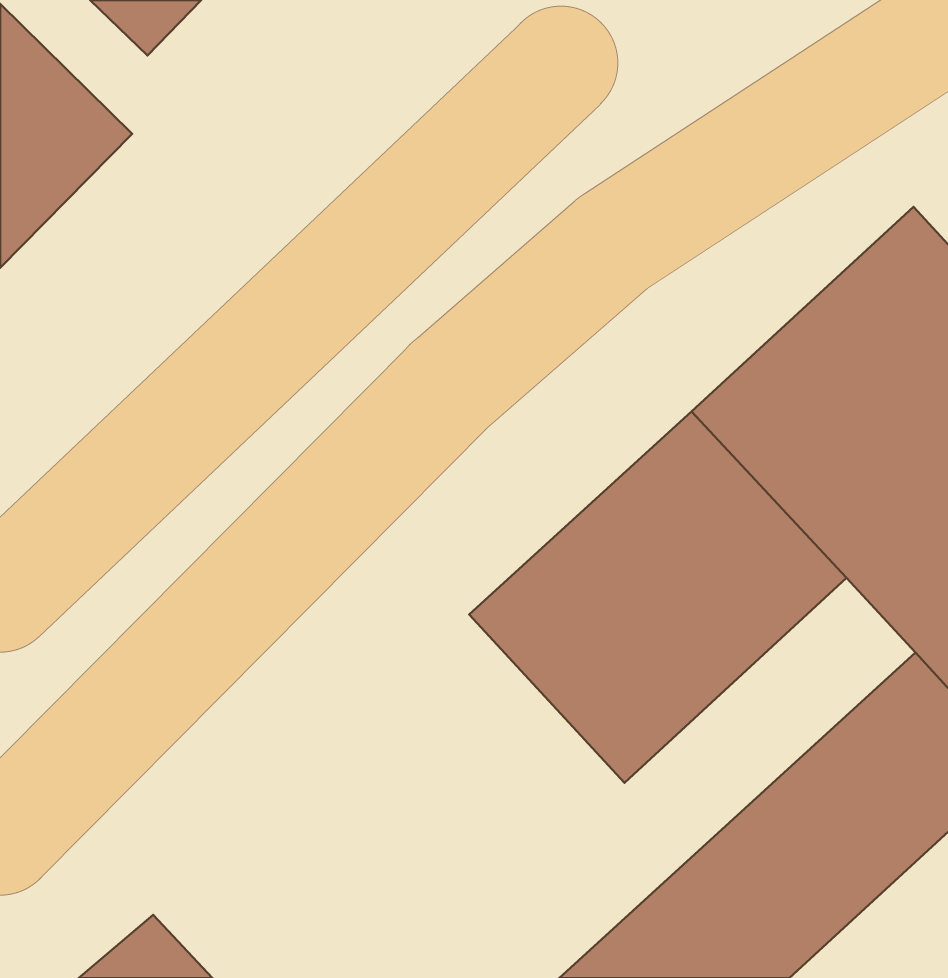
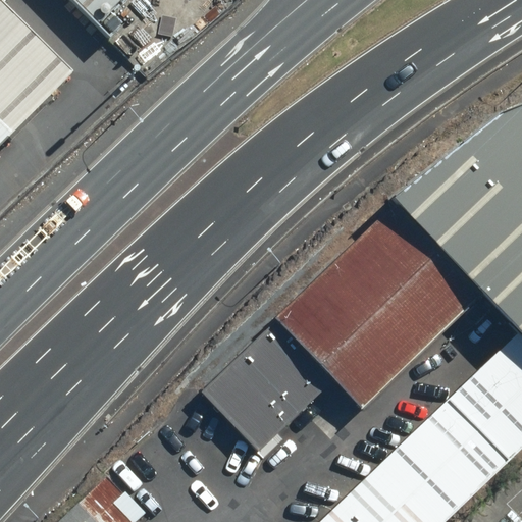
building: none -> [194,327,328,461]

